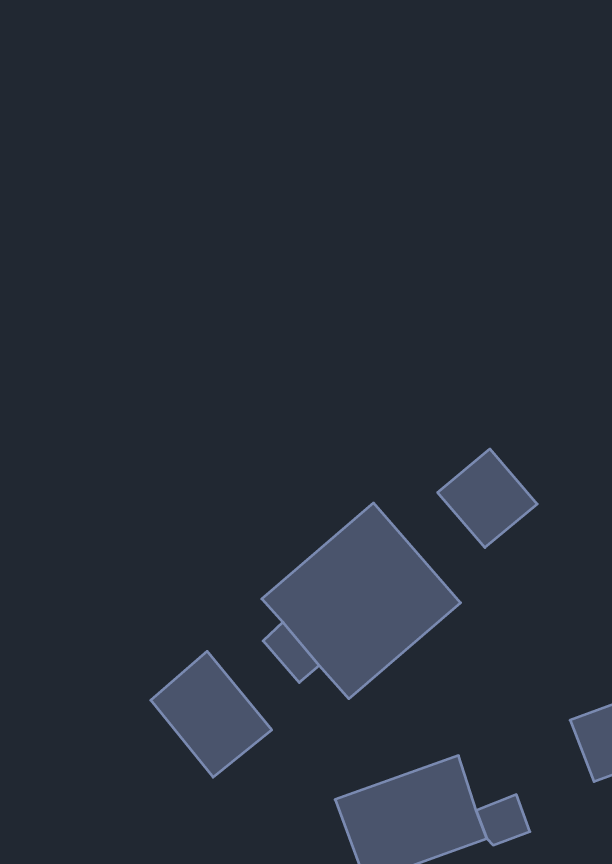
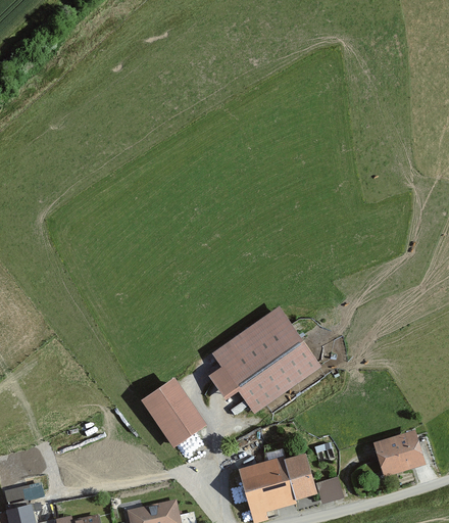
building: [438,449,537,548] -> none

